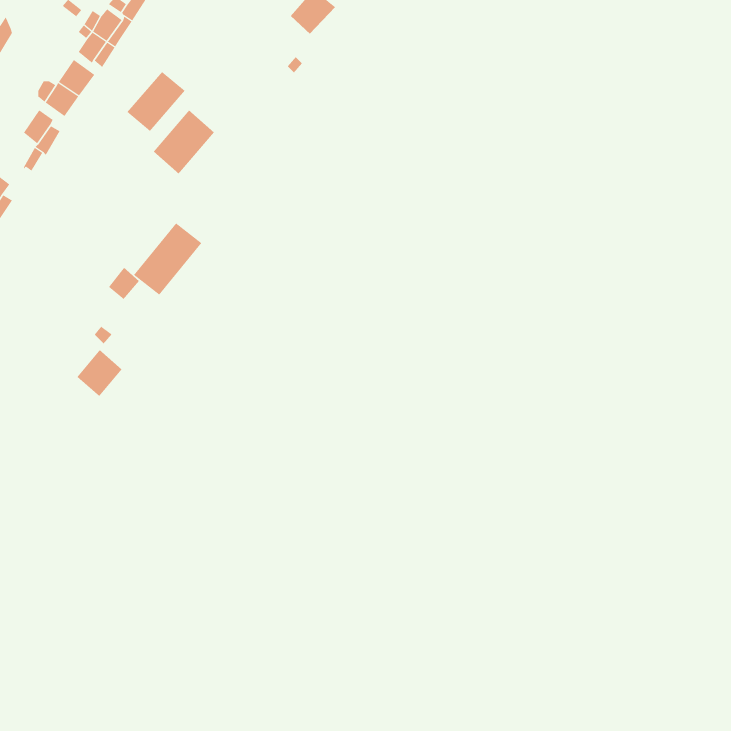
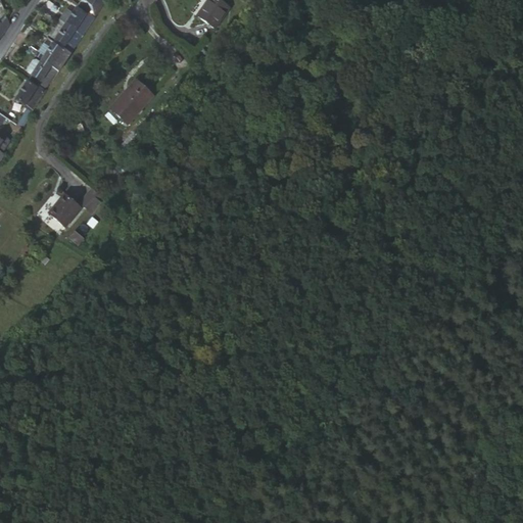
building: [127,71,185,132] -> none
building: [133,223,202,296] -> none
building: [76,349,123,397] -> [45,194,78,228]

